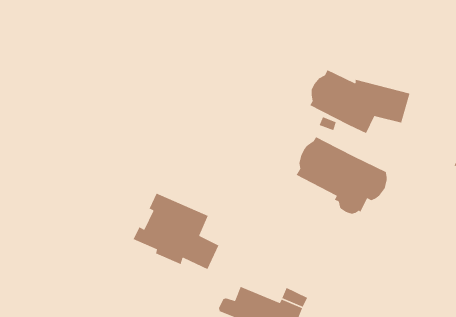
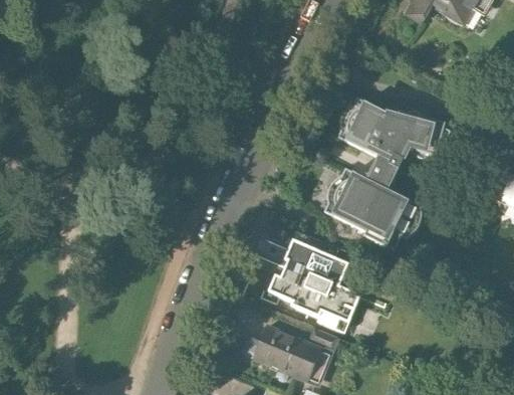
building: none -> [368,157,399,189]
building: [132,193,219,270] -> [268,239,359,321]

